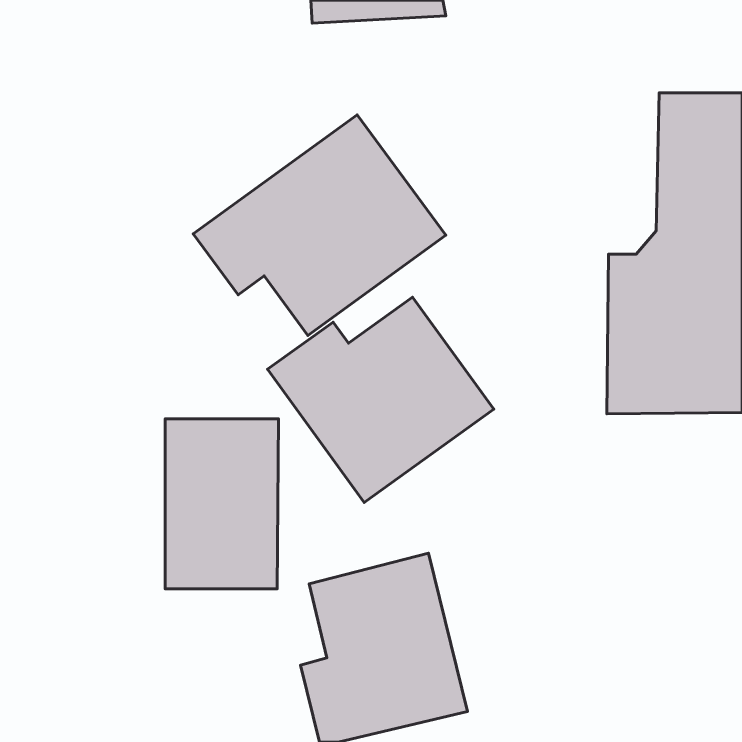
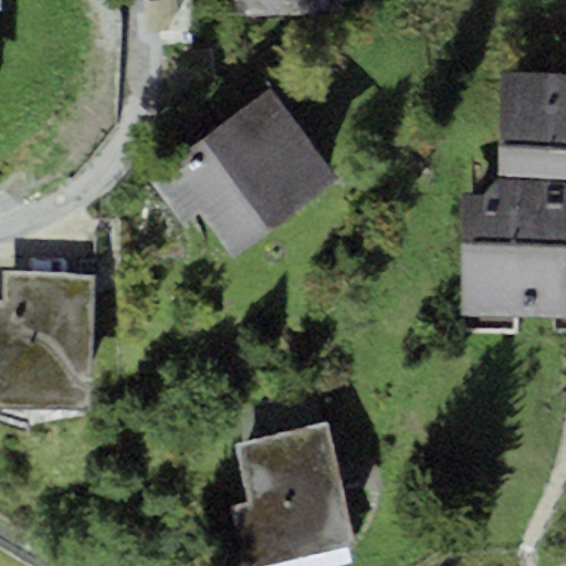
building: [267,297,494,502] -> none
building: [165,419,279,589] -> [4,277,91,407]

